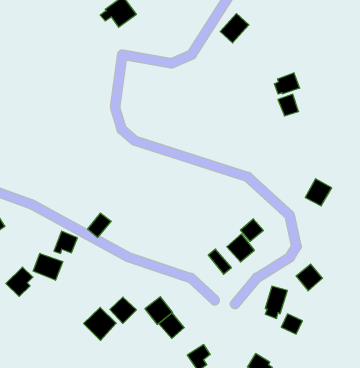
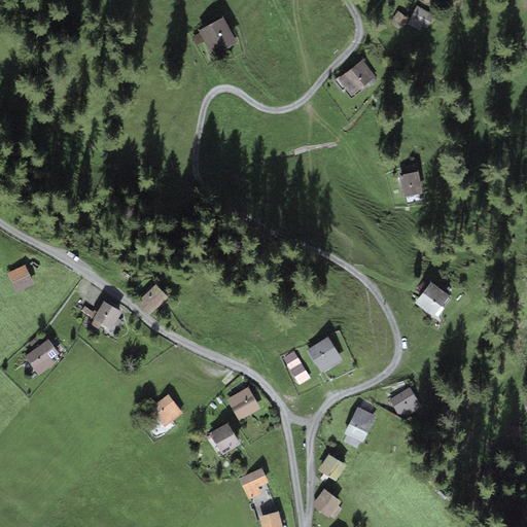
building: [274,73,300,94] -> none
building: [241,219,263,241] -> none
building: [33,253,63,280] -> none
building: [145,297,173,324] -> [226,387,260,421]
building: [84,307,116,340] -> none
building: [281,314,302,334] -> [318,454,346,481]

